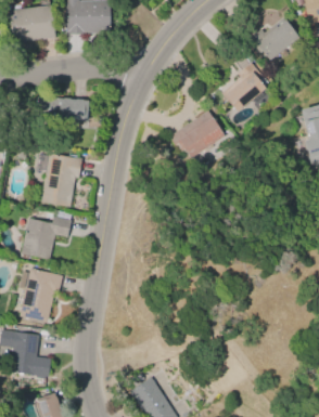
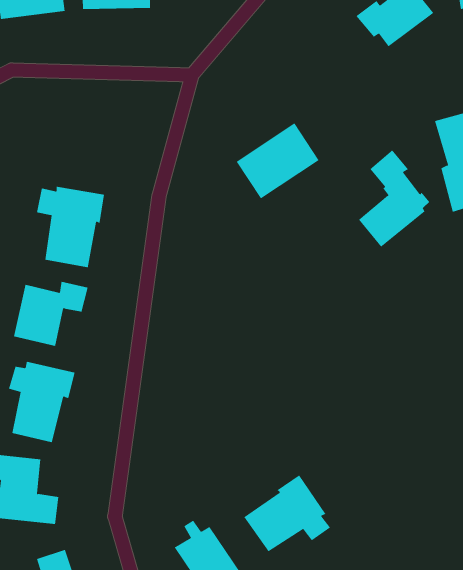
building: [220,47,268,112] -> [358,149,430,247]
building: [35,96,88,121] -> none
building: none -> [244,475,331,552]

